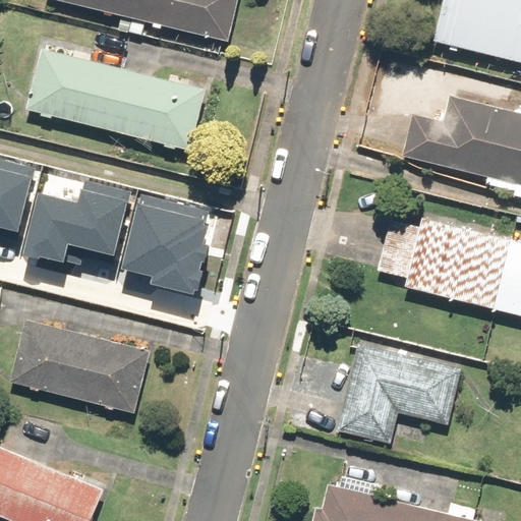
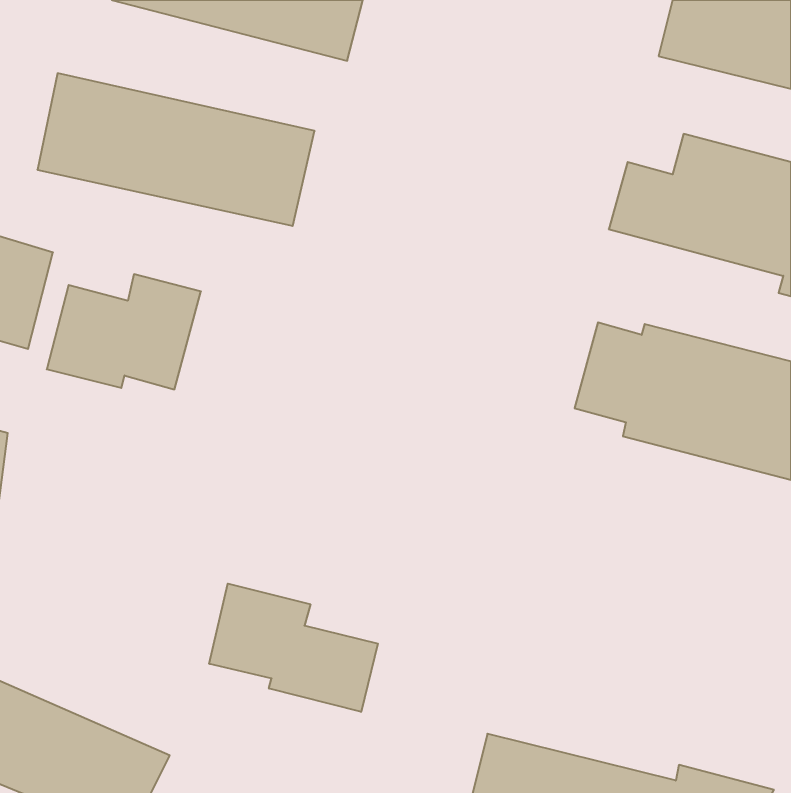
building: [126,193,208,284] -> none
building: [10,321,150,413] -> none
building: [335,343,465,448] -> none
building: none -> [209,584,378,712]

